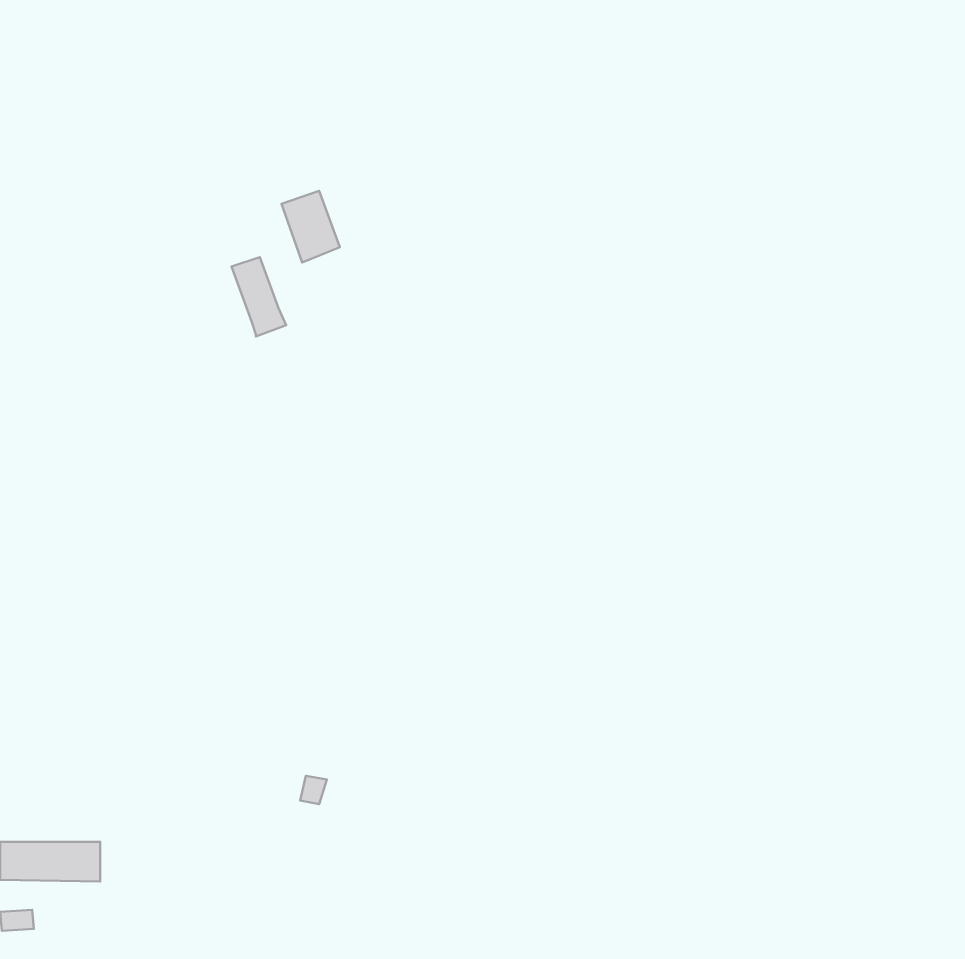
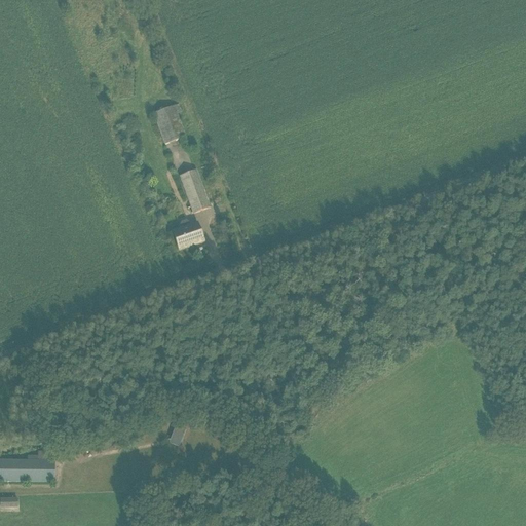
building: [231,257,286,336] -> [180,168,210,212]
building: none -> [173,218,203,249]

